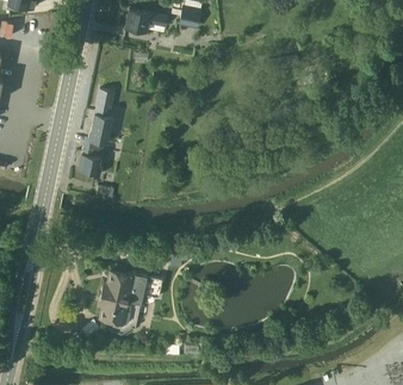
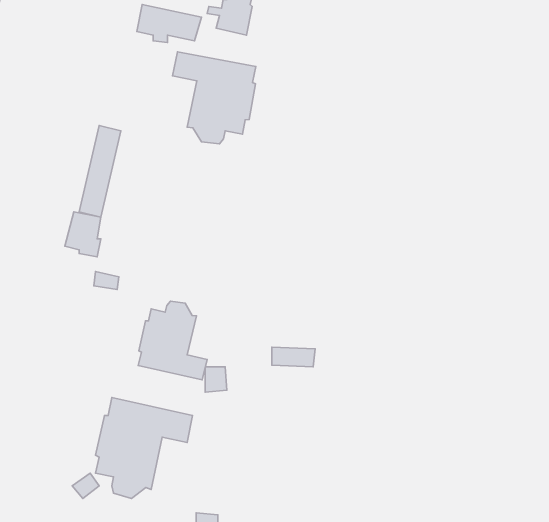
building: none -> [172,52,256,144]
building: none -> [138,301,207,380]

